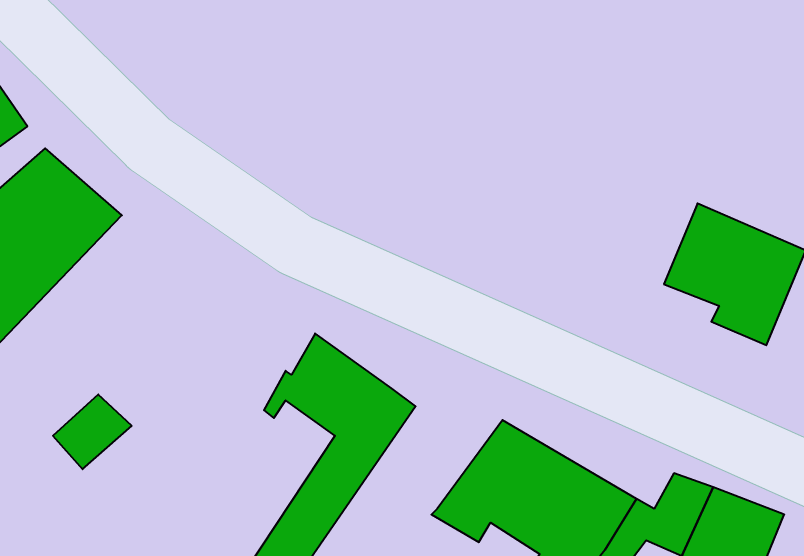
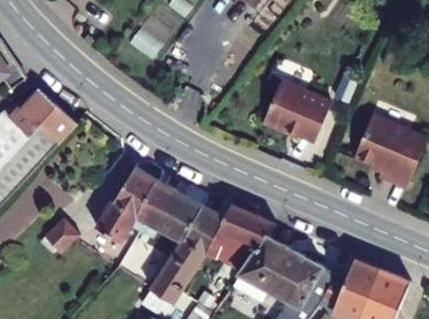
building: none -> [257,84,326,145]
building: none -> [100,165,172,241]
building: none -> [198,198,270,274]

